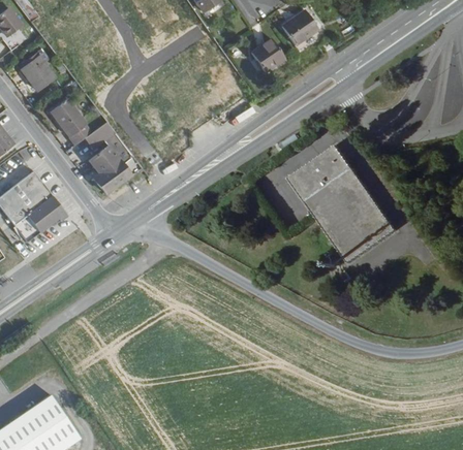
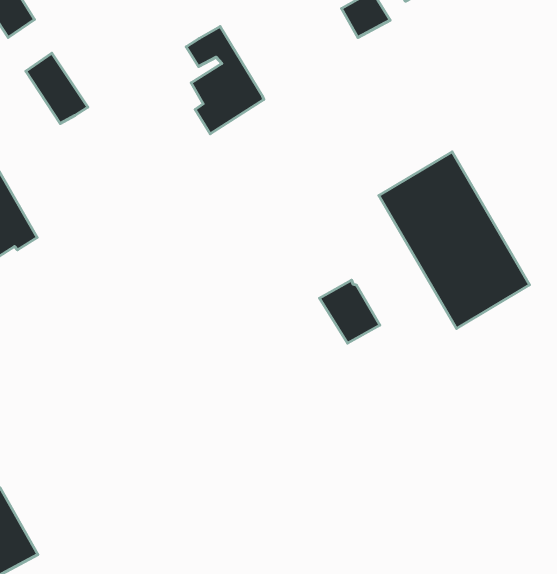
building: [83,123,137,195] -> [186,26,264,134]
building: none -> [319,280,380,343]

